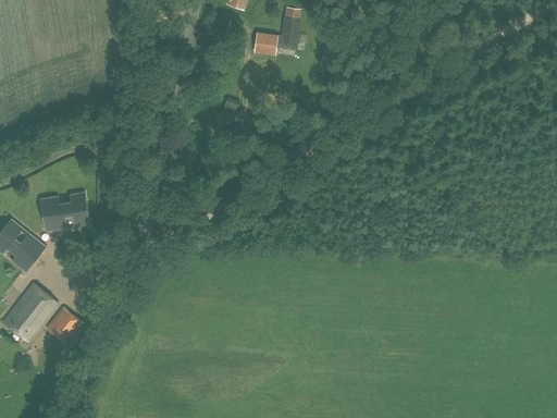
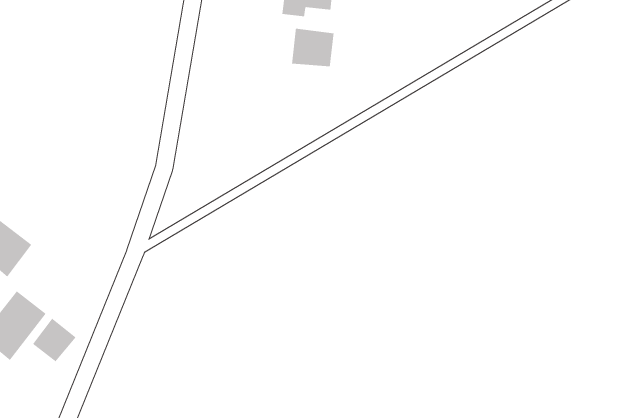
building: none -> [292,28,334,67]
building: [39,190,89,231] -> none

